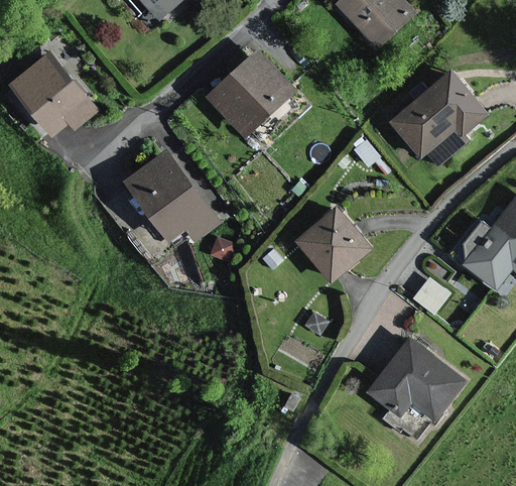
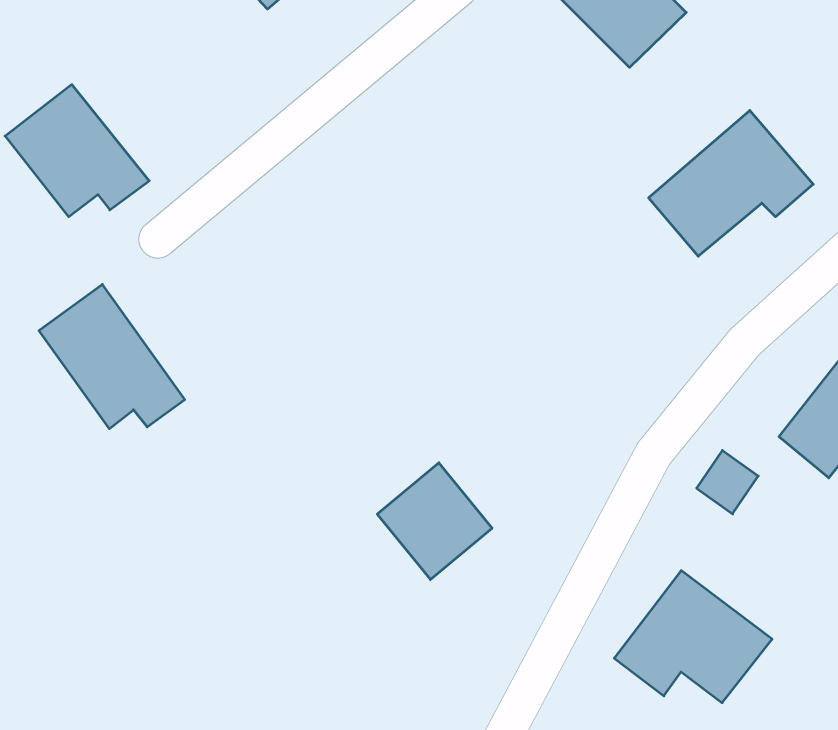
building: [208,52,291,136] -> none
building: [129,155,215,240] -> [39,284,185,429]
building: [297,213,365,281] -> [377,463,492,580]

